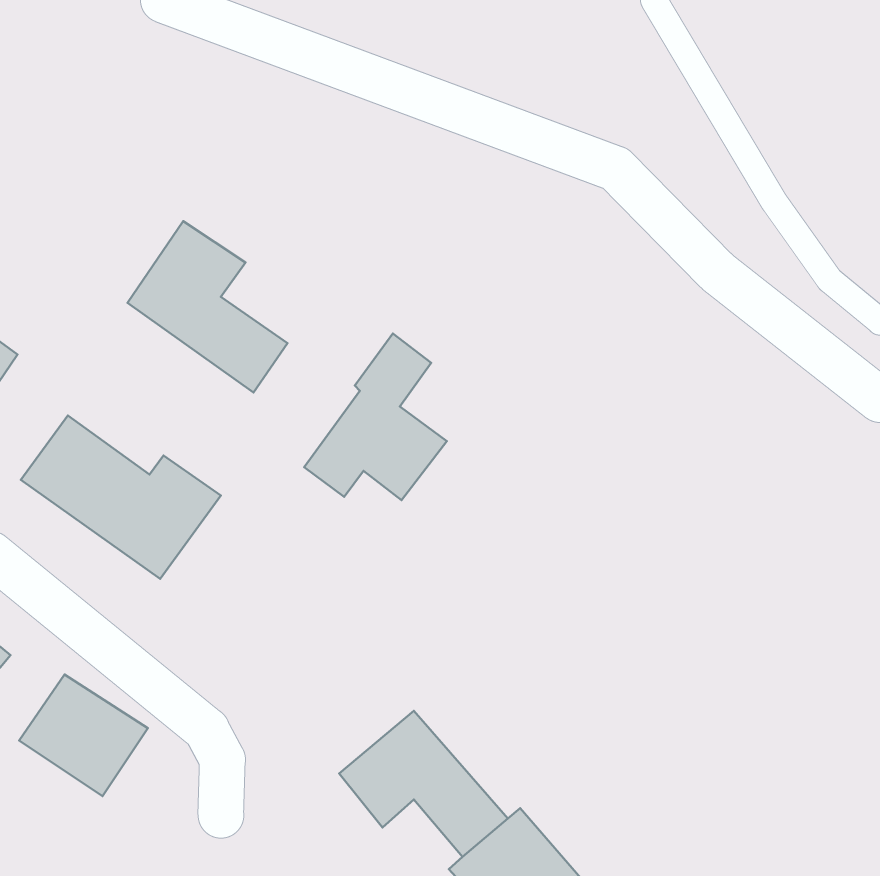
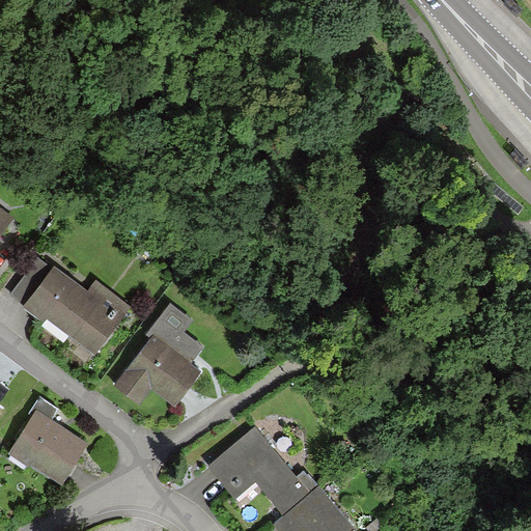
building: [127,221,288,393] -> none
building: [304,333,447,500] -> [119,302,204,401]

